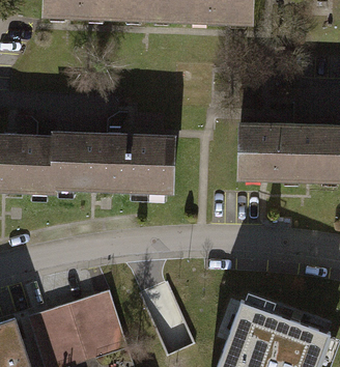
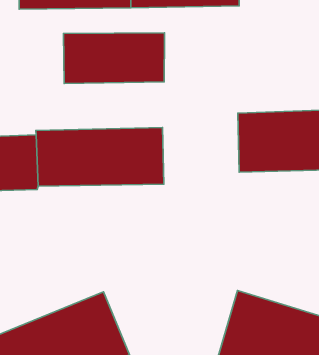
building: none -> [64,33,165,83]

